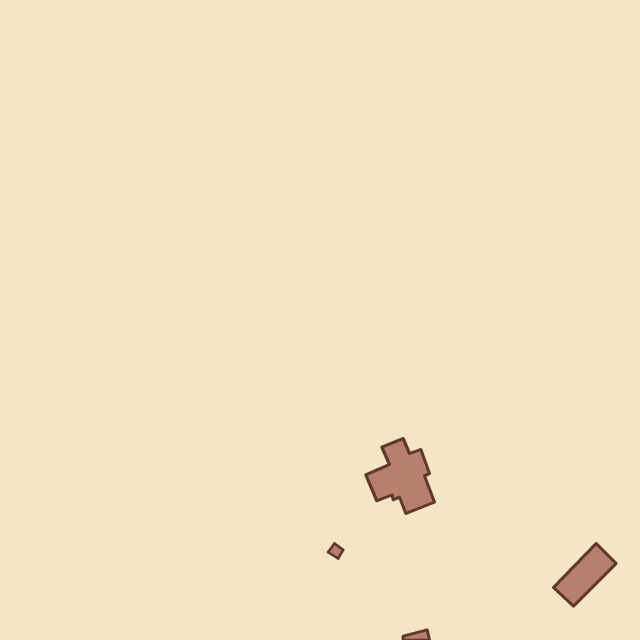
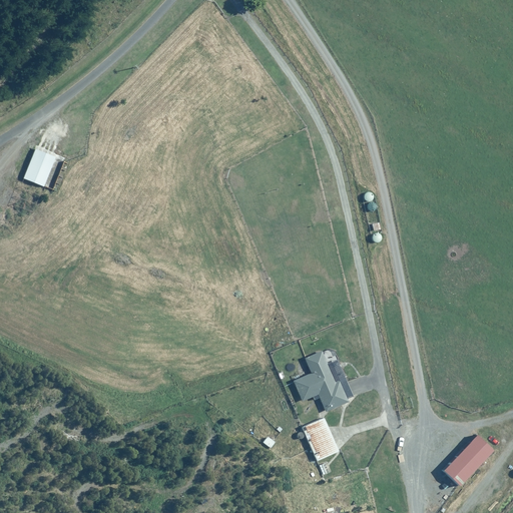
building: none -> [23,147,55,189]
building: none -> [300,415,340,461]

